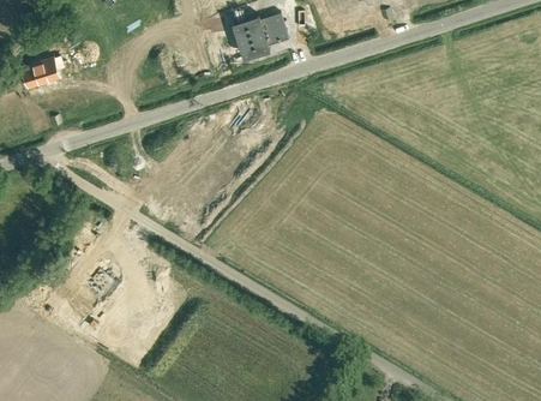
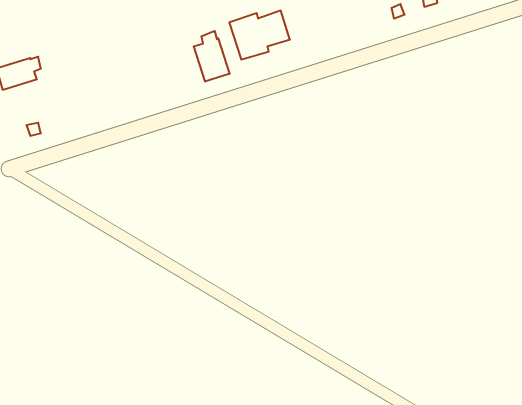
building: none -> [194,31,230,82]

